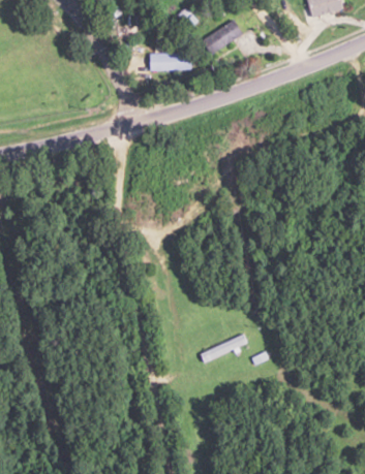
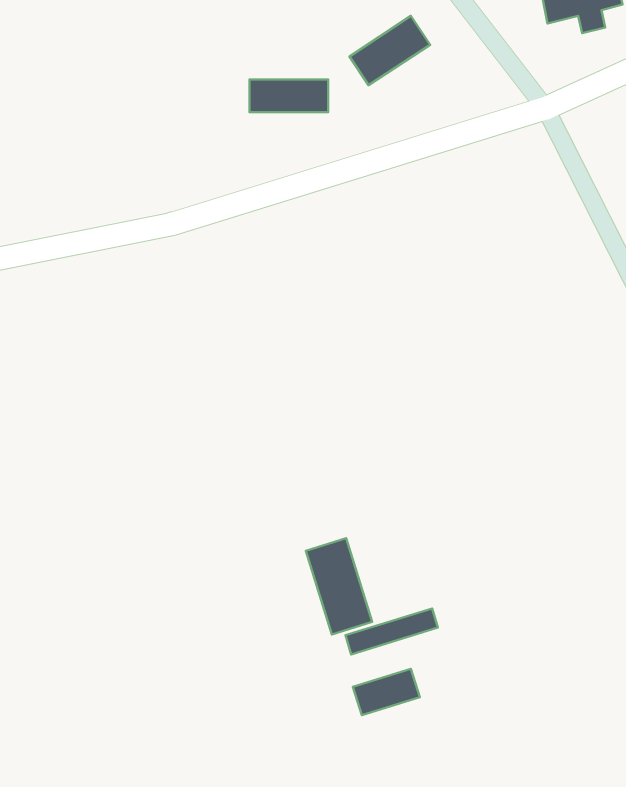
building: none -> [306,538,372,634]
building: none -> [353,669,420,715]

